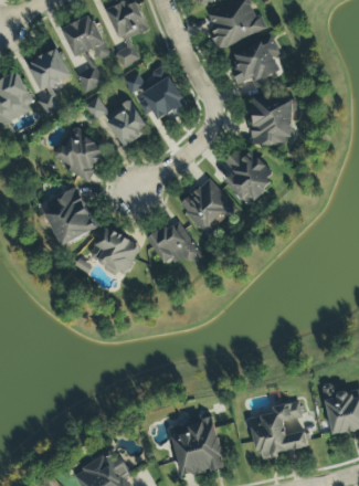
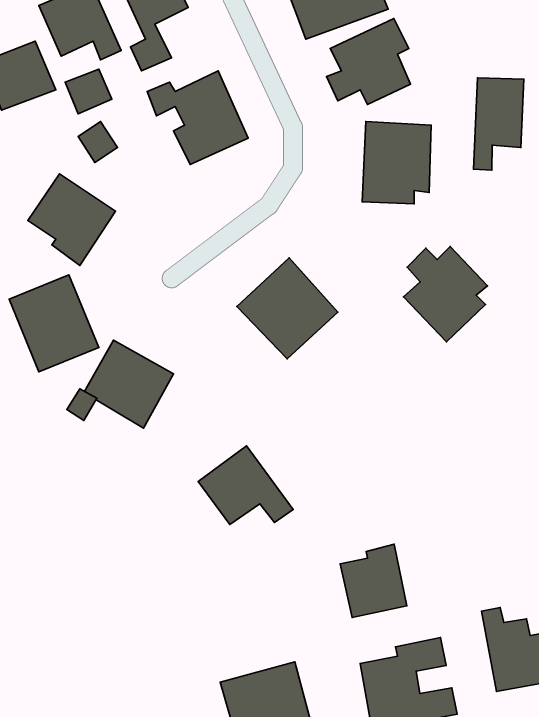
building: none -> [473,78,524,170]
building: [104,101,149,146] -> none
building: [223,149,273,205] -> [403,246,487,342]
building: [147,219,203,265] -> [198,446,293,524]
building: none -> [340,544,407,617]

